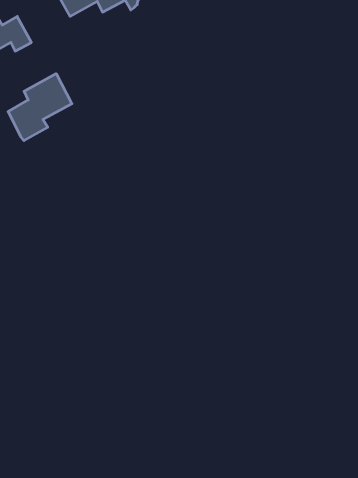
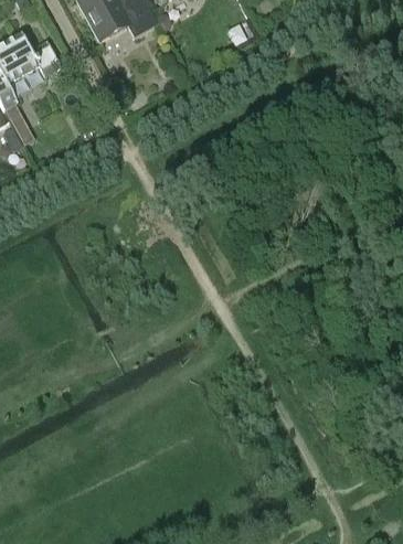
building: [8,74,72,141] -> none

